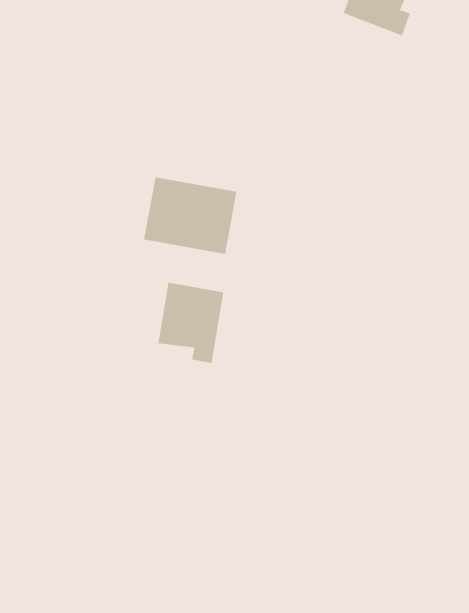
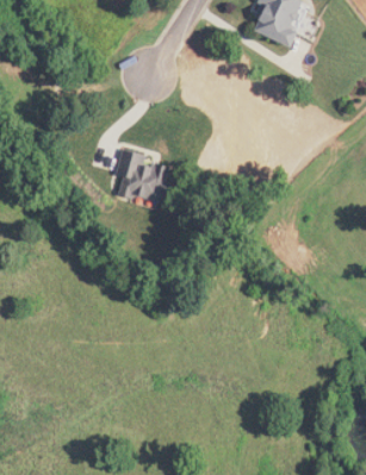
building: [158,282,224,364] -> none

